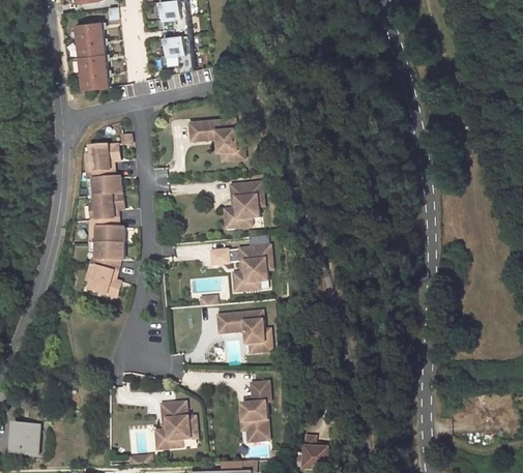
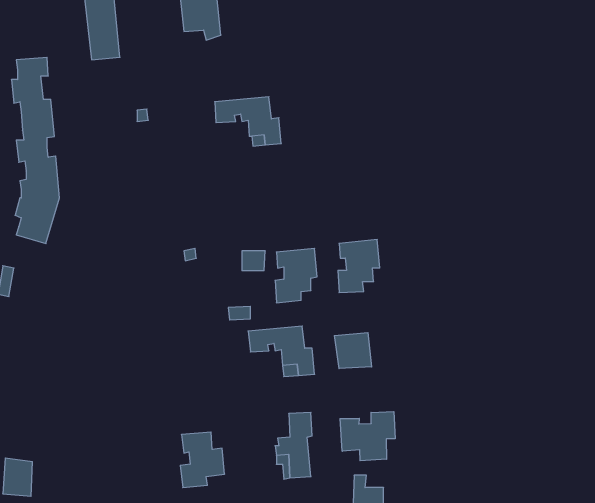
building: [86,140,126,296] -> [11,57,59,244]
building: [227,183,262,228] -> [338,240,380,293]
building: none -> [334,333,372,369]
building: none -> [340,412,395,461]

